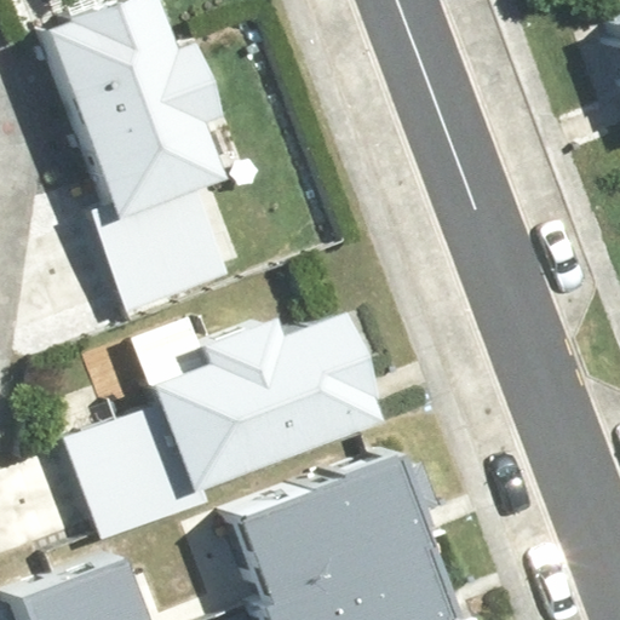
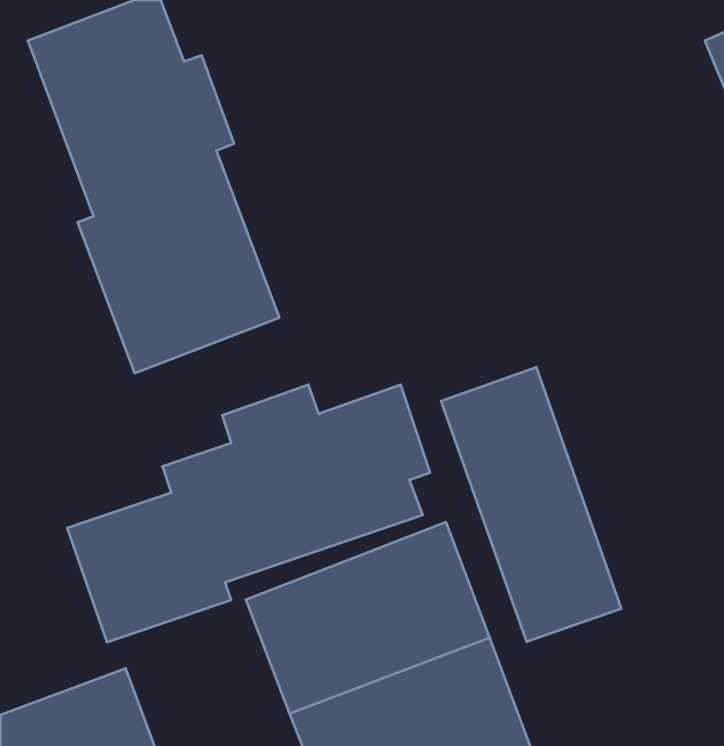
building: none -> [441,367,621,642]

